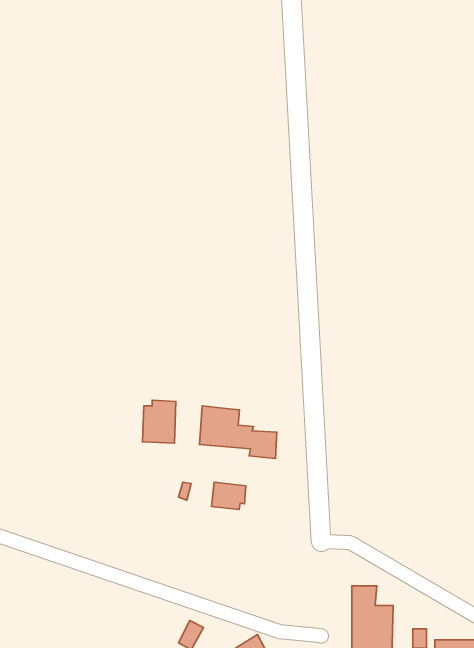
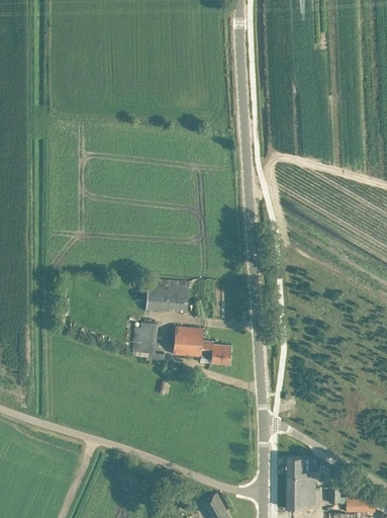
building: none -> [148,280,190,313]
building: [212,482,246,509] -> none

